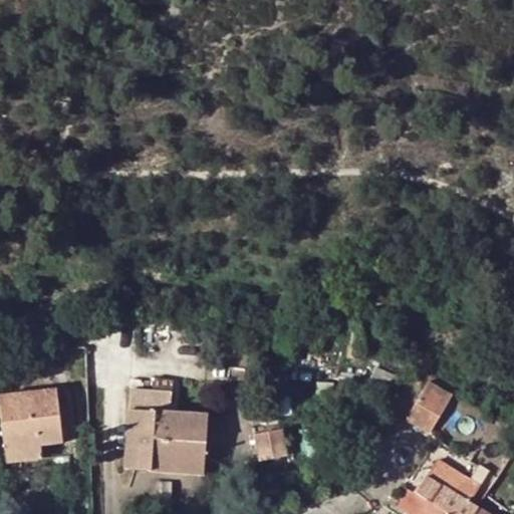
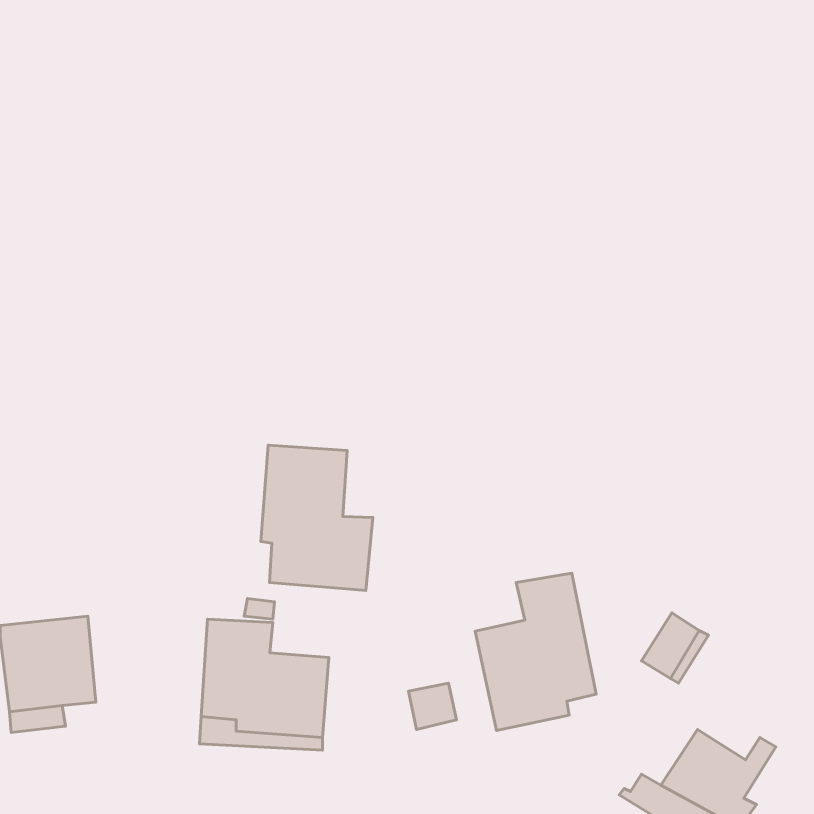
building: none -> [261,445,373,591]
building: none -> [475,573,596,730]

